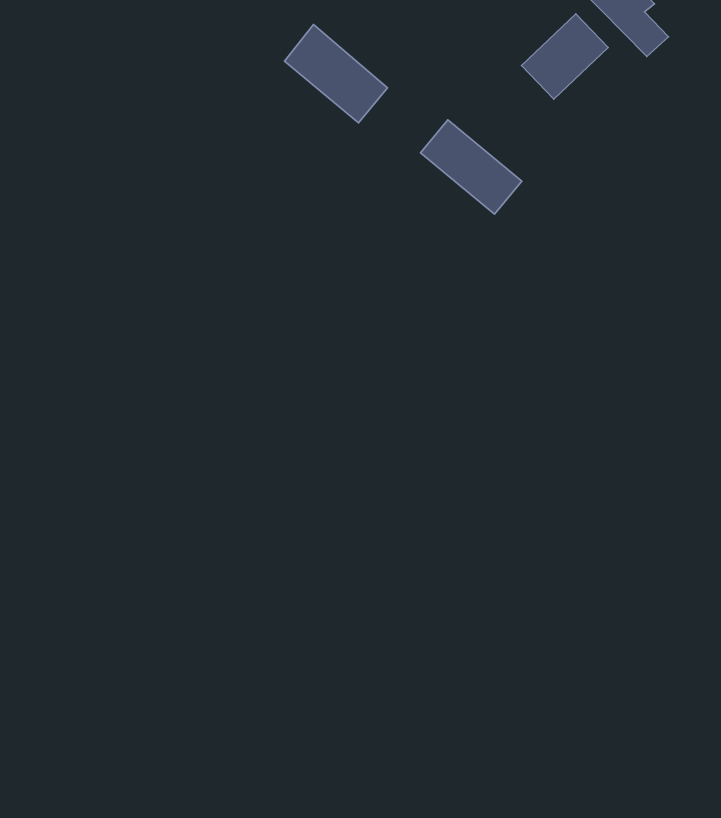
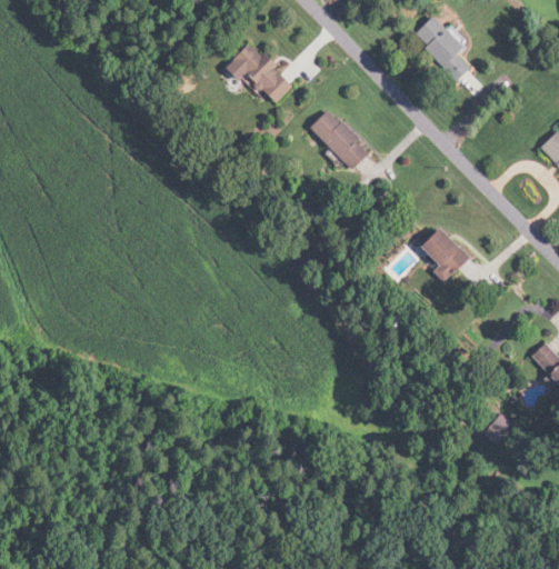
building: [522,14,608,99] -> none
building: none -> [420,227,469,280]

